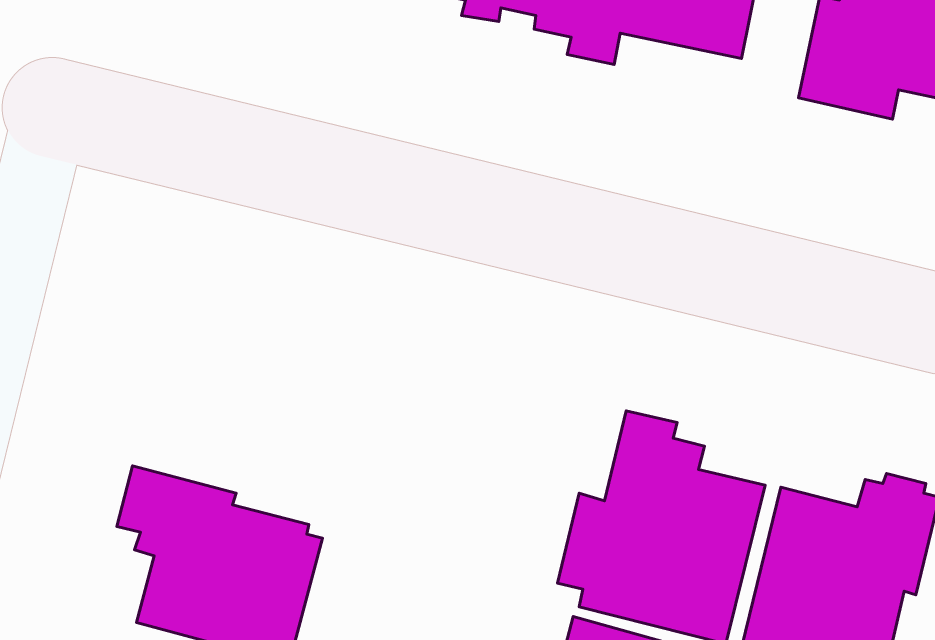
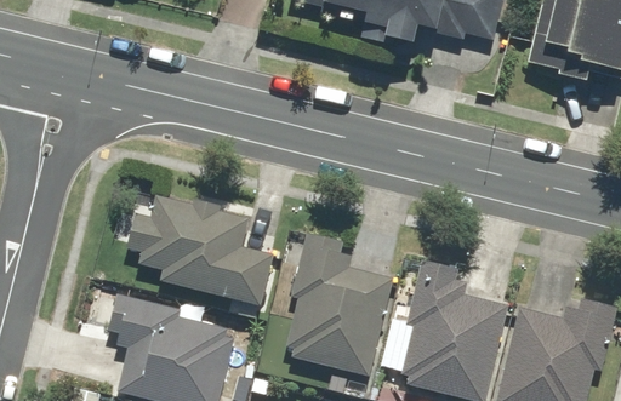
building: none -> [123,195,274,304]
building: none -> [287,231,394,374]

